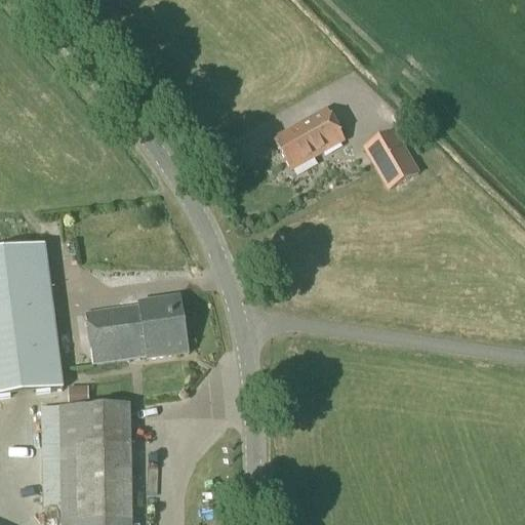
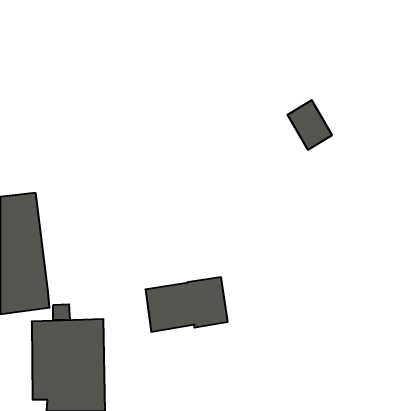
building: [273,107,342,168] -> none
building: [84,294,188,363] -> [145,277,228,332]

